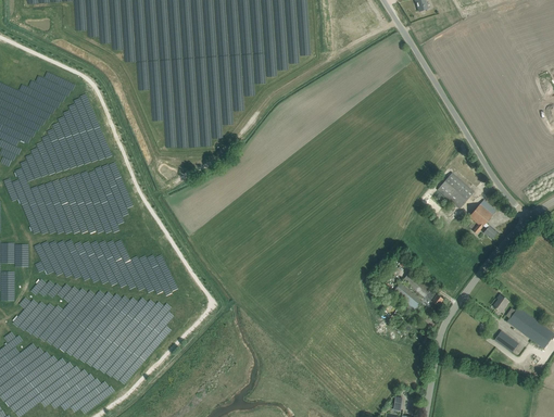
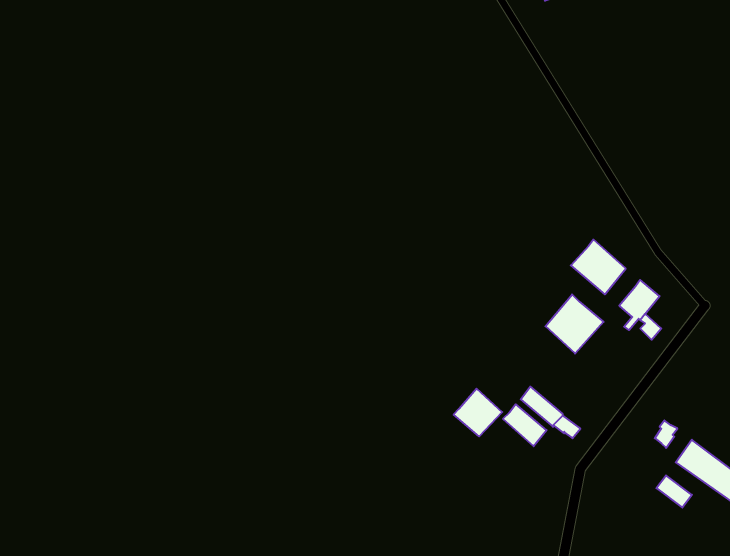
building: none -> [545,294,604,354]
building: none -> [454,389,502,436]

